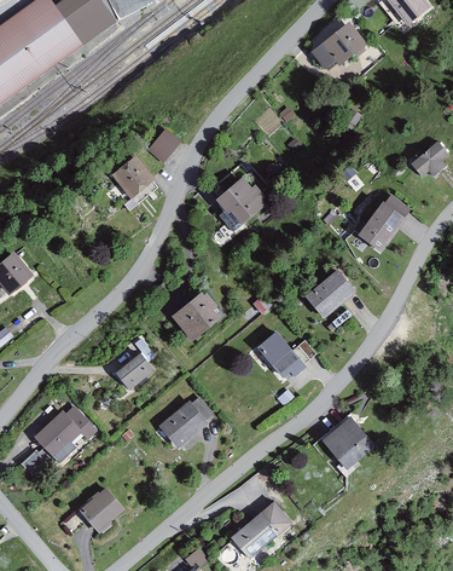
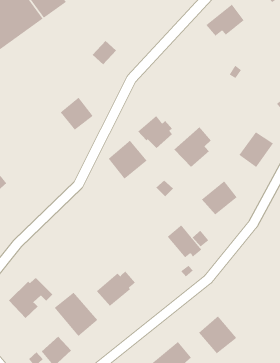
building: [145,127,180,162] -> [92,40,117,65]
building: none -> [174,126,211,168]
building: [169,282,225,338] -> [108,140,148,179]
building: [116,353,153,390] -> none
building: [320,415,374,469] -> [198,315,237,354]
building: none -> [54,292,98,337]

